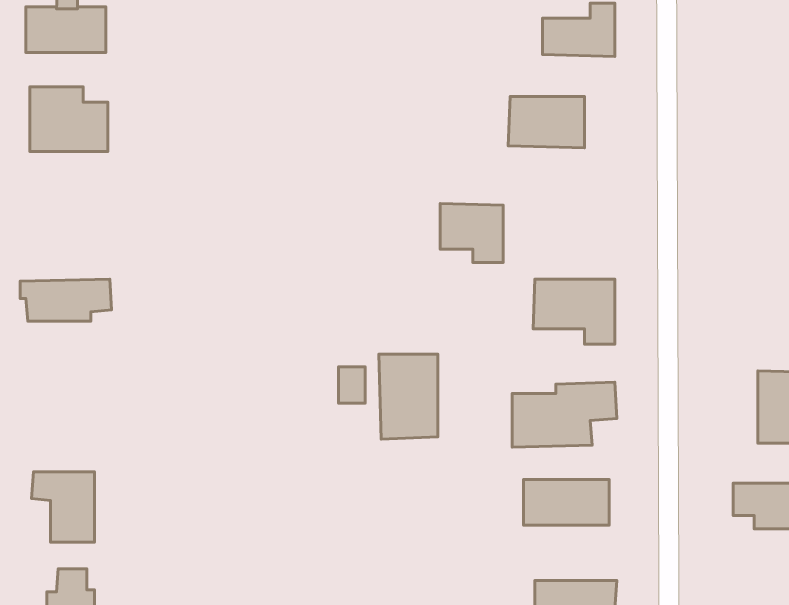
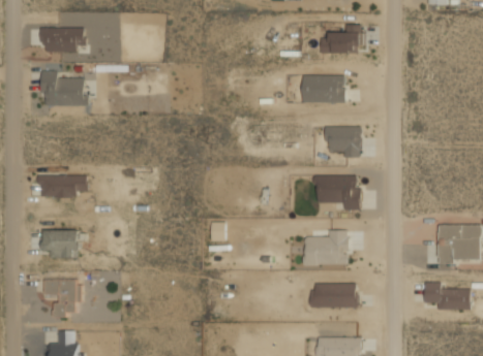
building: [440,203,503,262] -> [326,126,360,158]
building: [379,354,438,439] -> none
building: none -> [41,229,79,258]

